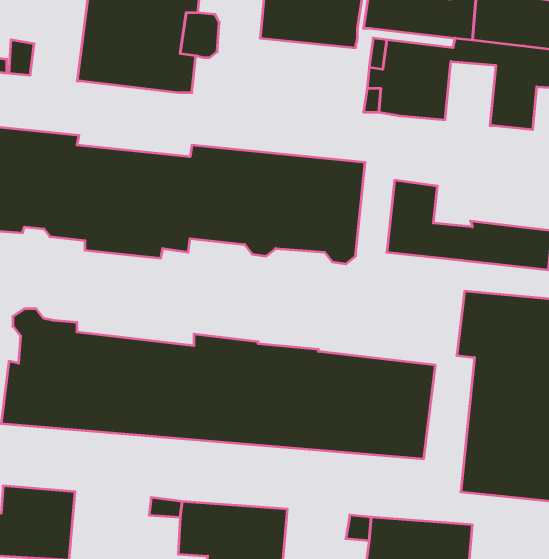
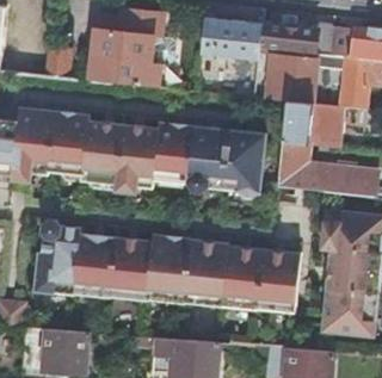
building: none -> [282,100,343,147]

